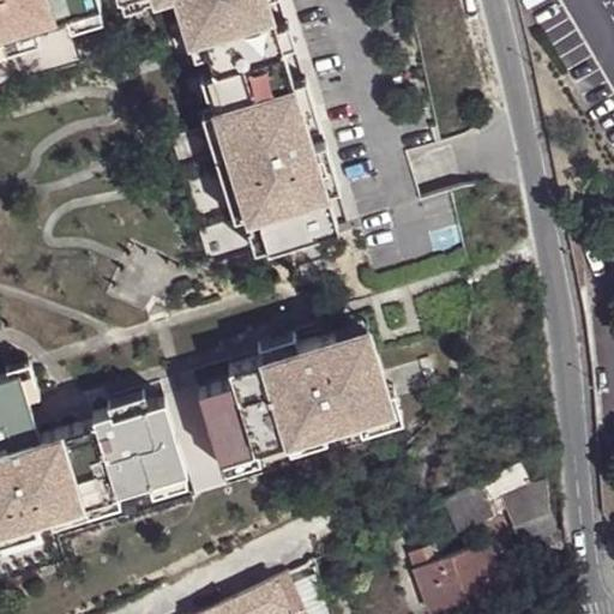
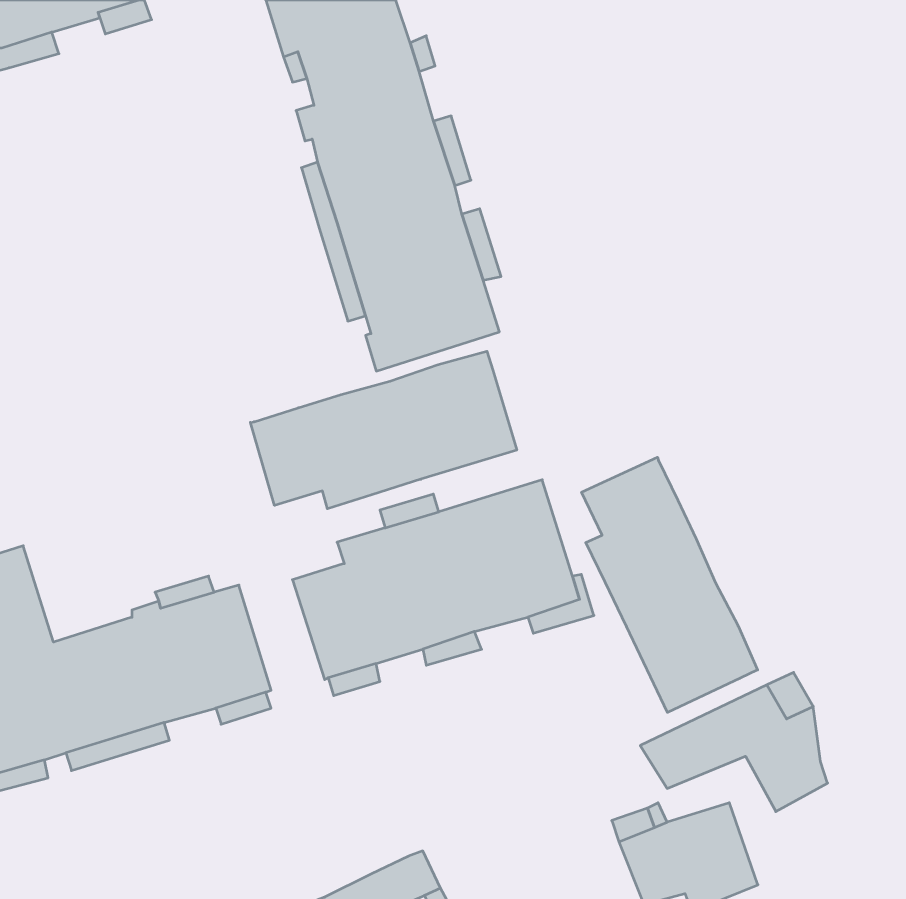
building: none -> [250,351,517,509]
building: none -> [582,457,758,712]

